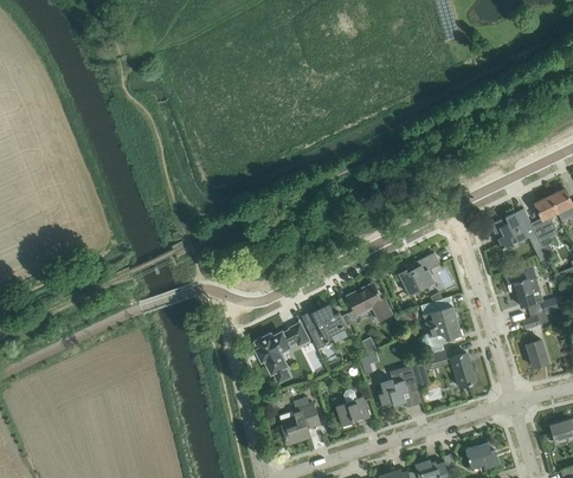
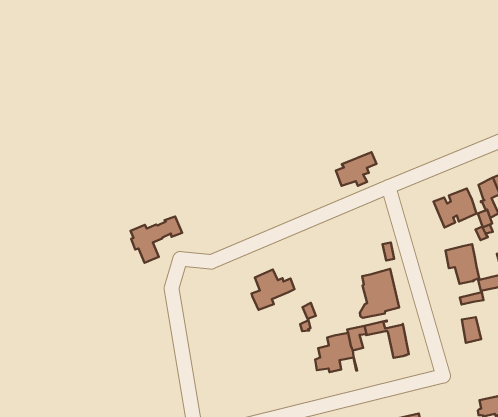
building: [399,253,440,290] -> [336,152,376,186]
building: [347,284,391,318] -> none
building: [256,324,309,374] -> [131,216,182,263]
building: [336,389,371,427] -> none
building: [281,405,318,445] -> none

